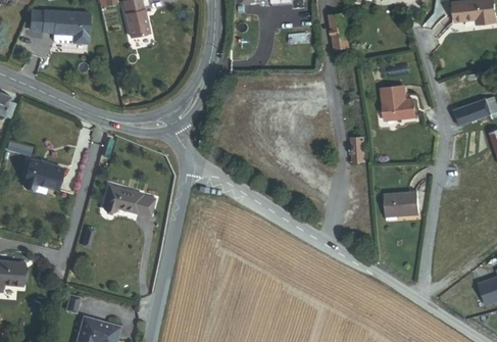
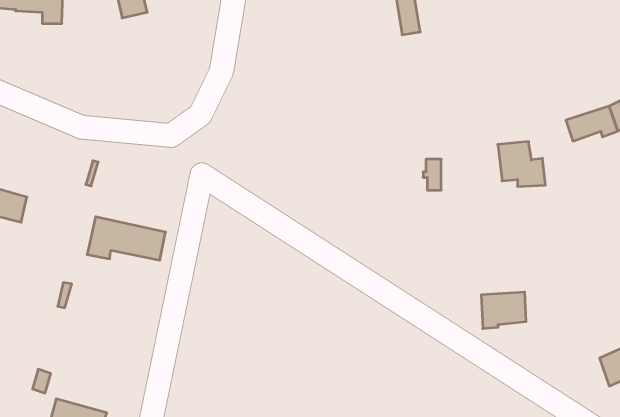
building: [381,89,415,121] -> [498,142,545,186]
building: [384,194,416,221] -> [481,292,526,329]

